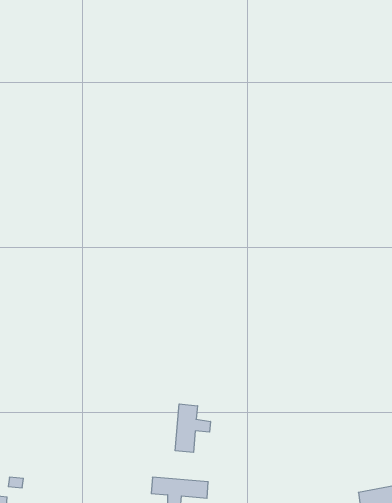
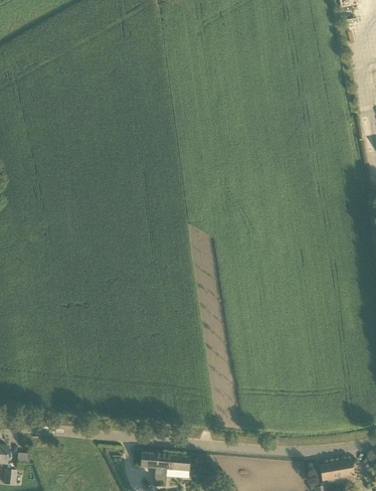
building: [175,404,210,452] -> none

